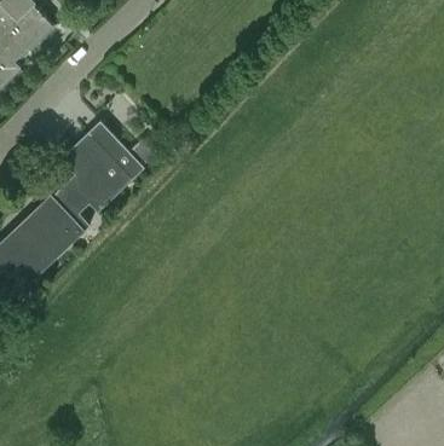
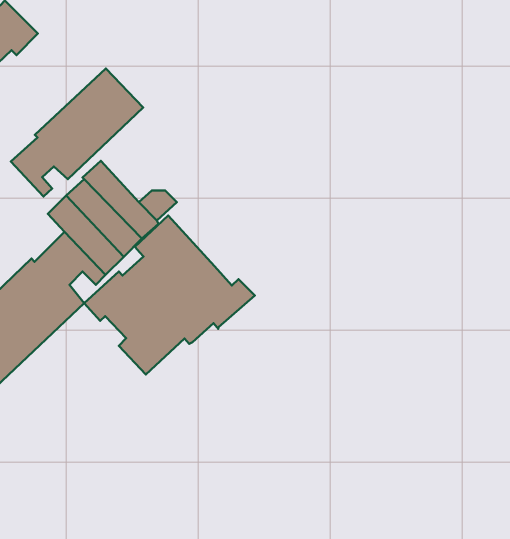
building: none -> [11,69,143,196]
building: none -> [84,216,255,375]

